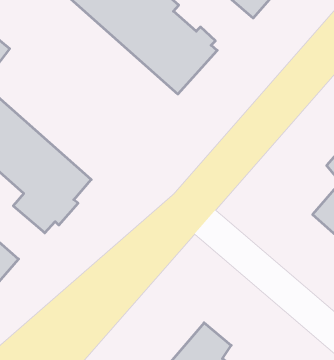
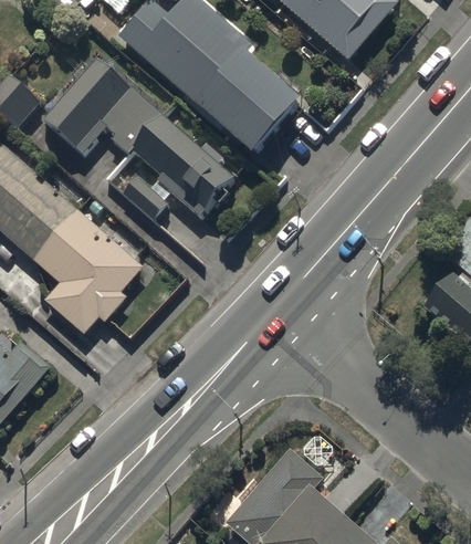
building: none -> [41,56,233,218]

